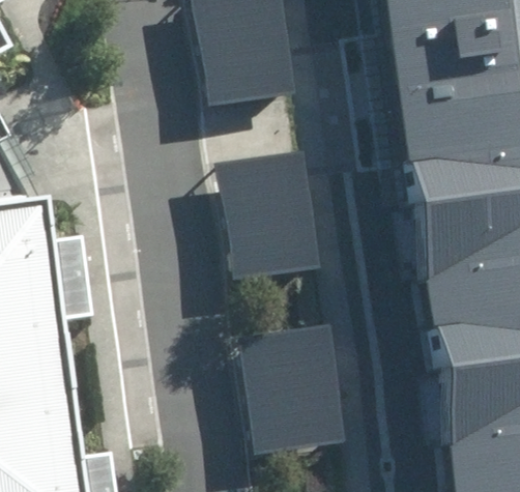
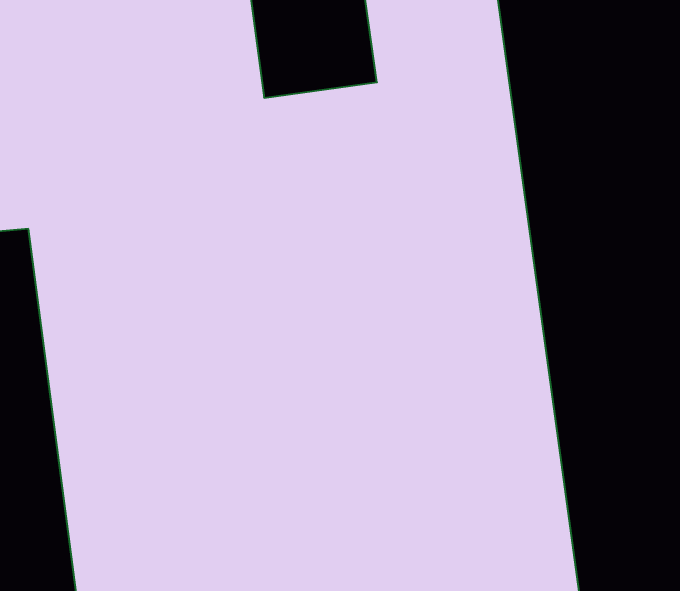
building: [221,148,319,279] -> none
building: [243,319,342,450] -> none

